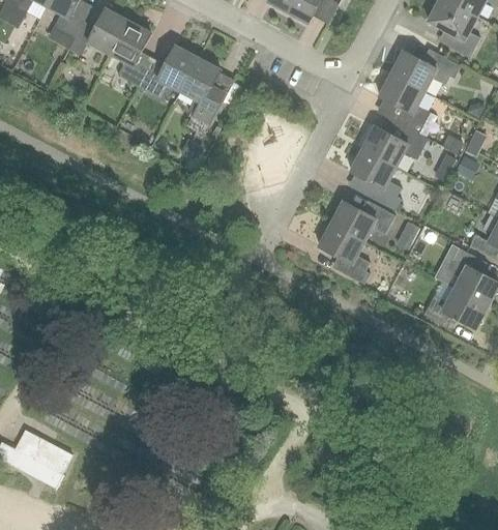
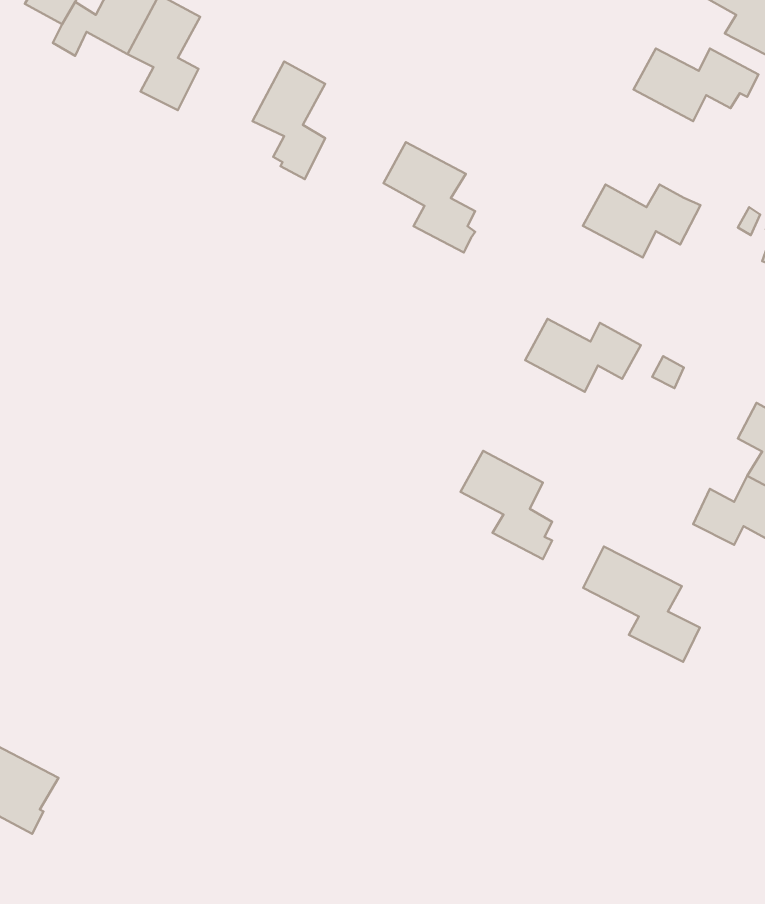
building: [138,46,197,96] -> none
building: [379,73,430,134] -> none
building: [350,149,401,210] -> [384,142,475,252]
building: [318,224,369,284] -> [461,451,552,559]
building: none -> [583,546,700,662]

